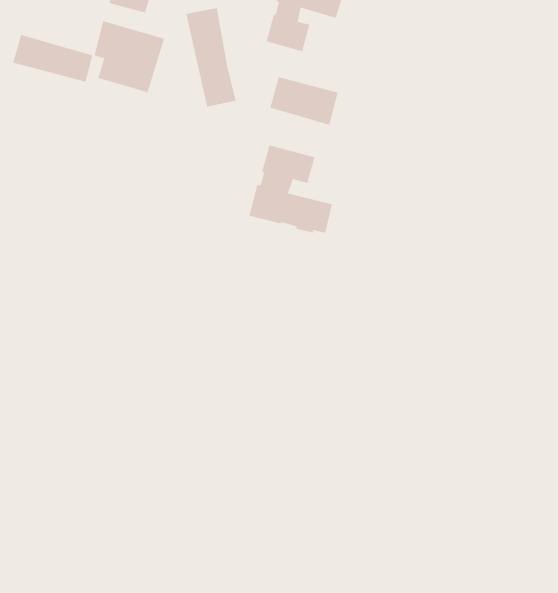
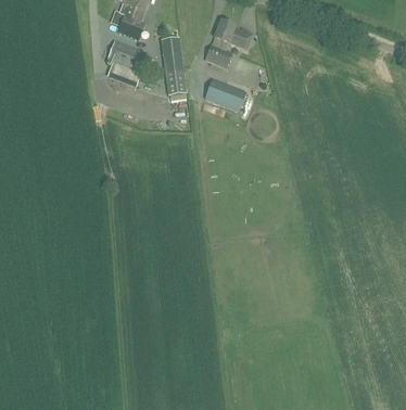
building: [12,34,93,82] -> none
building: [249,145,332,234] -> none

